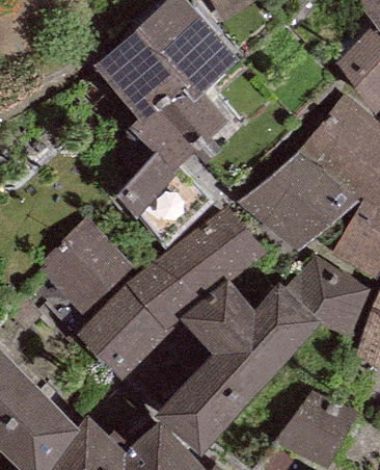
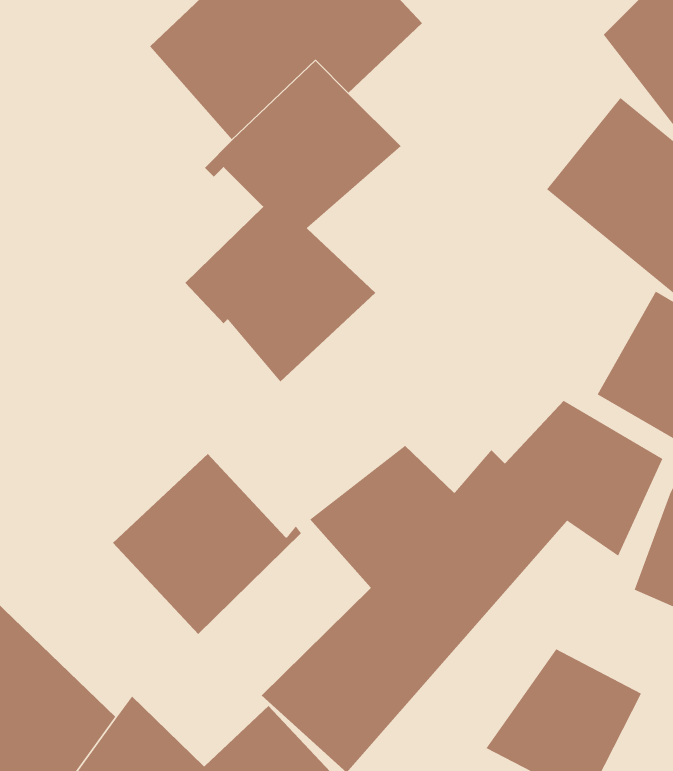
building: [236,152,357,253] -> none
building: [126,206,267,330] -> none
building: [36,218,133,314] -> none

